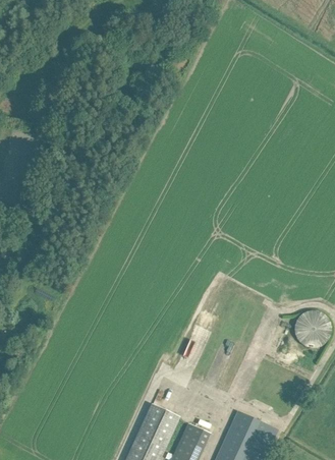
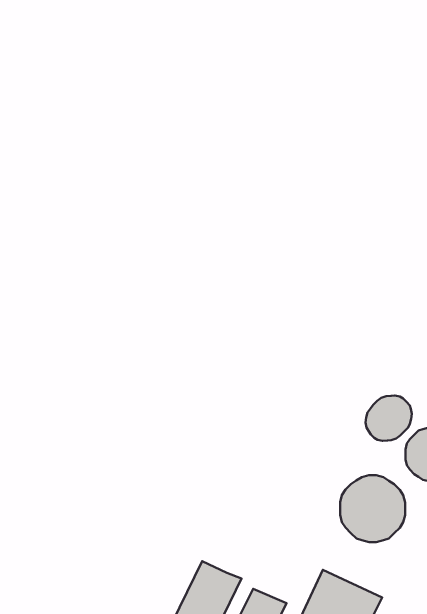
building: none -> [366,396,412,441]
building: none -> [340,475,405,542]

